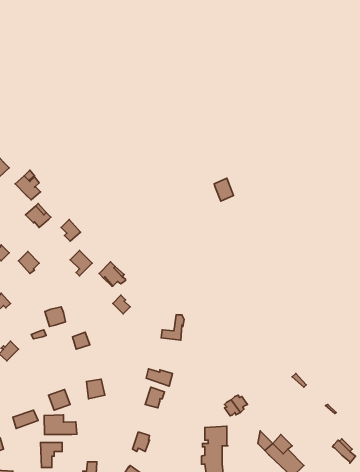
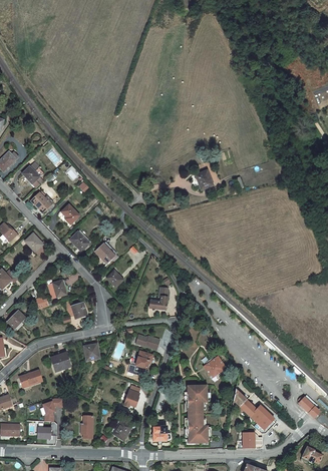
building: [44,415,77,434] -> none

